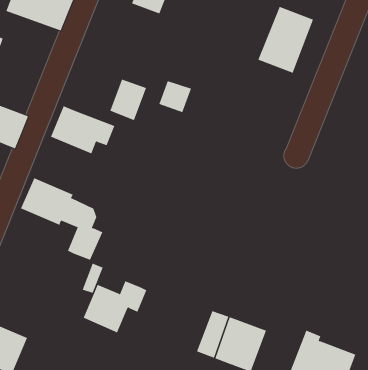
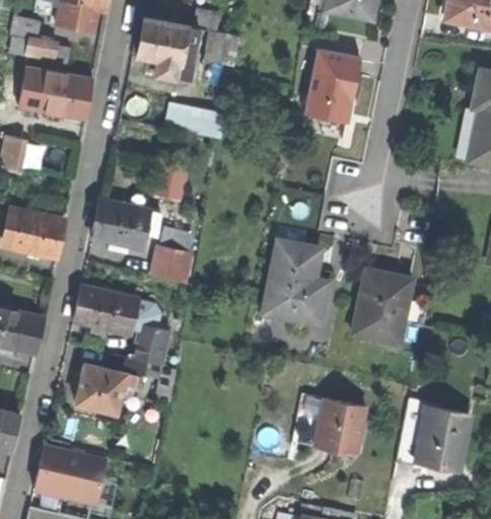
building: [159,80,192,113] -> [191,103,224,136]
building: none -> [152,229,191,281]
building: none -> [264,240,326,322]
building: none -> [351,274,412,345]
building: [83,281,147,333] -> [75,354,140,413]

